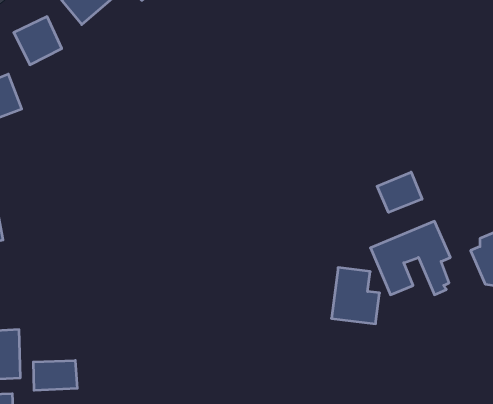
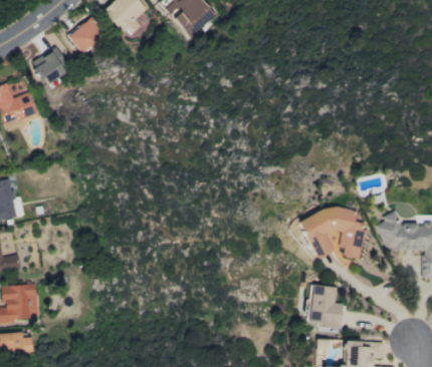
building: [377,172,422,212] -> none
building: [331,268,380,324] -> [307,285,344,327]
building: [33,360,77,390] -> none

